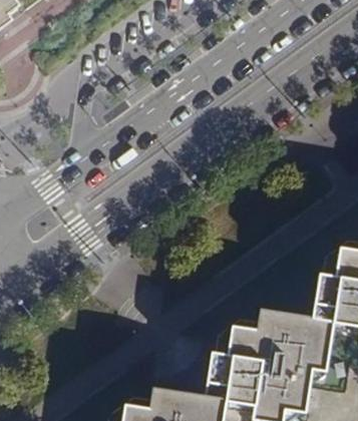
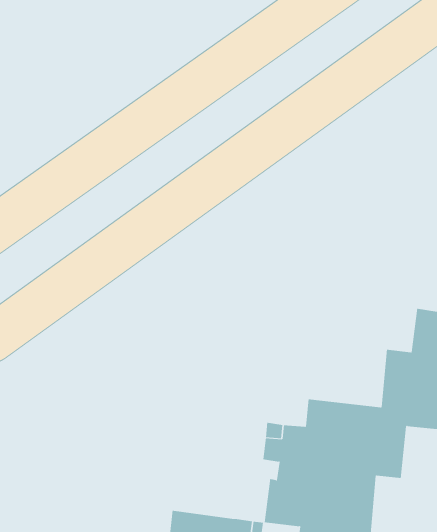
building: [208,355,240,403] -> none

